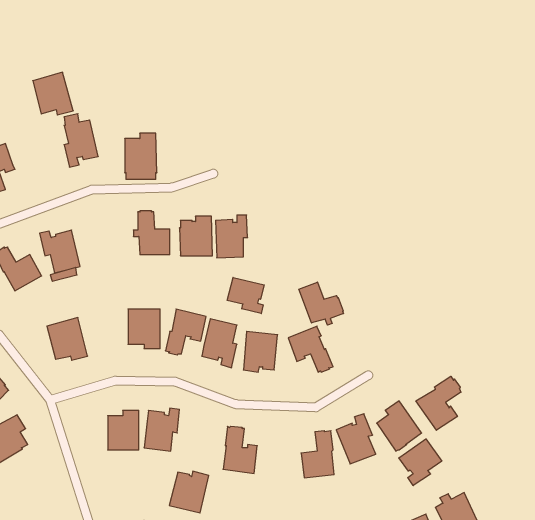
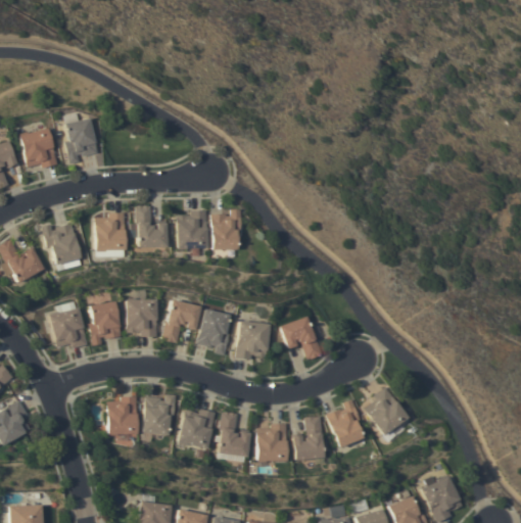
building: [33,72,73,115] -> [19,128,58,169]
building: [125,133,157,179] -> [95,212,126,256]
building: [227,277,264,314] -> none
building: [299,282,343,325] -> none
building: none -> [90,301,122,345]
building: [416,376,461,430] -> none
building: [399,439,442,486] -> none
building: none -> [255,424,287,462]
building: [169,471,209,513] -> [178,409,216,448]

